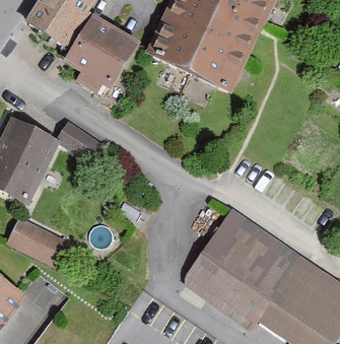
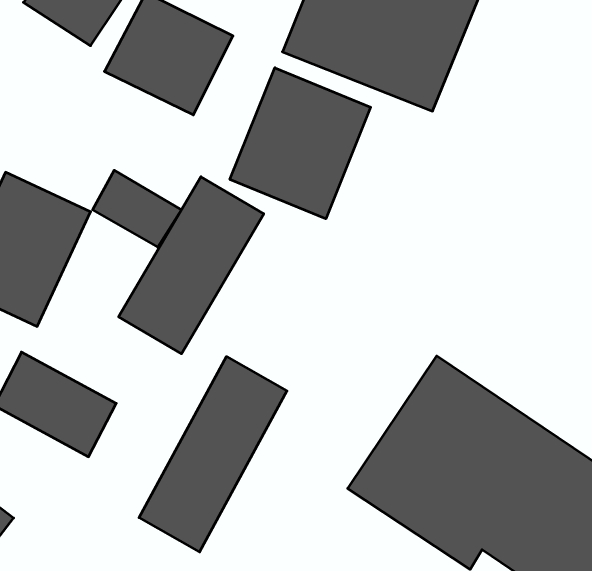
building: none -> [230,68,371,219]
building: none -> [119,177,264,354]
building: none -> [139,357,287,552]

